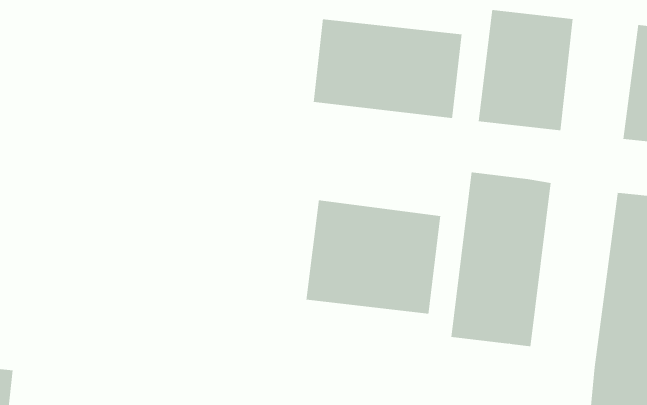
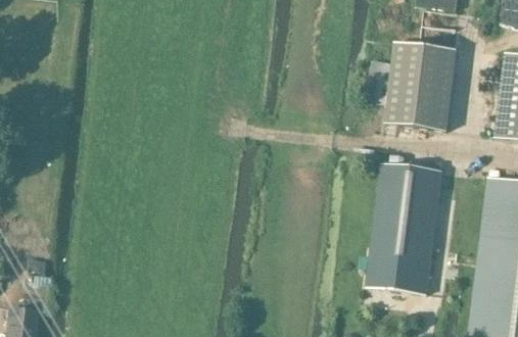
building: [313,18,462,119] -> none
building: [306,200,441,314] -> none

